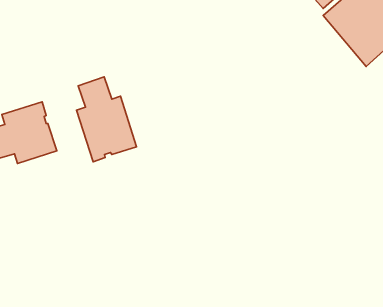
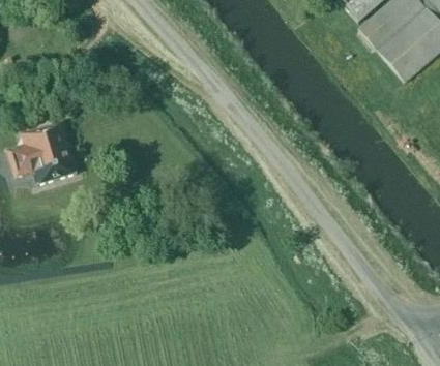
building: [77,77,136,162] -> none

